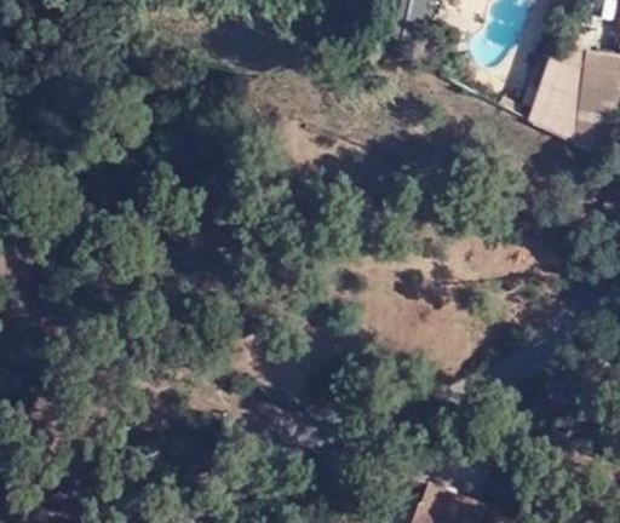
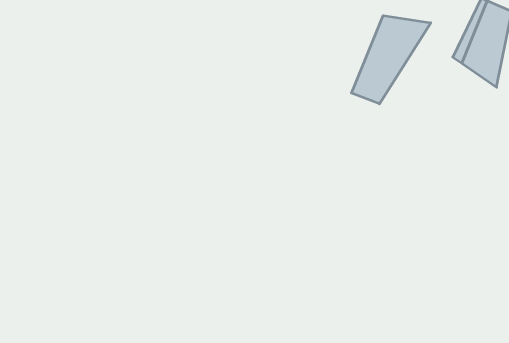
building: none -> [351,16,431,104]

